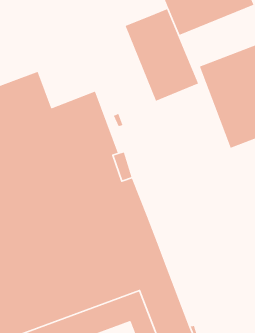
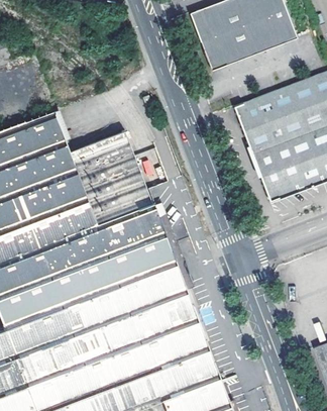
building: [125,8,199,102] -> none

